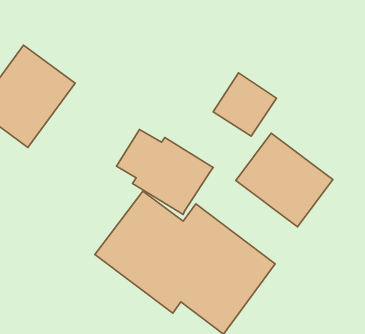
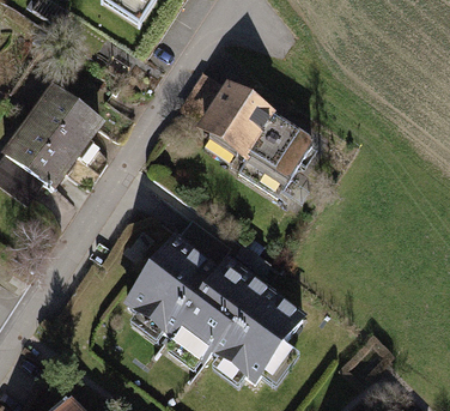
building: [117,129,213,215] -> [177,67,278,156]
building: [236,133,333,227] -> none

